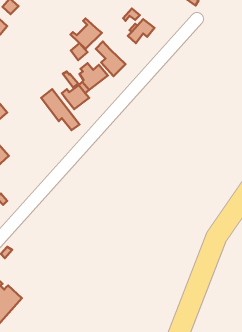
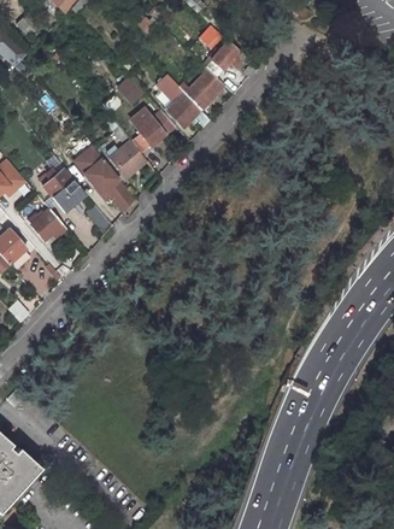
building: [70,18,102,49] -> [180,64,227,110]
building: none -> [43,169,86,213]
building: none -> [30,208,66,240]

